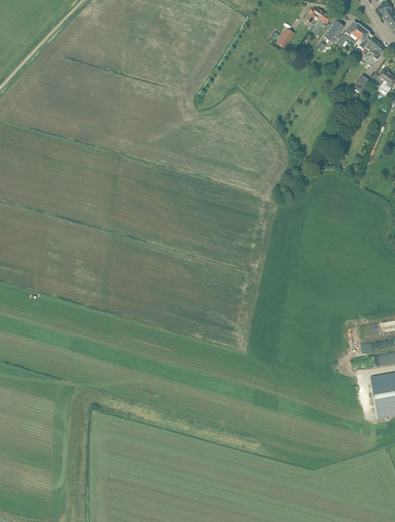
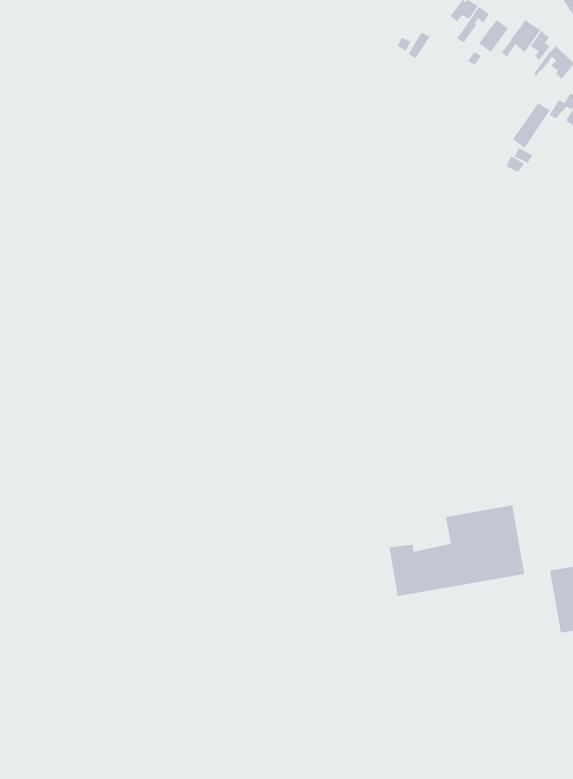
building: none -> [389,505,525,597]

